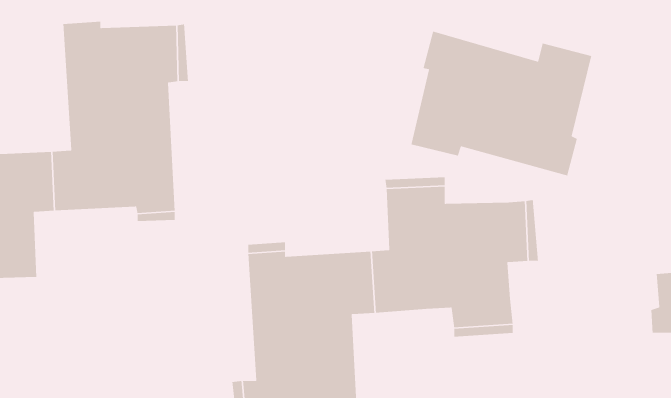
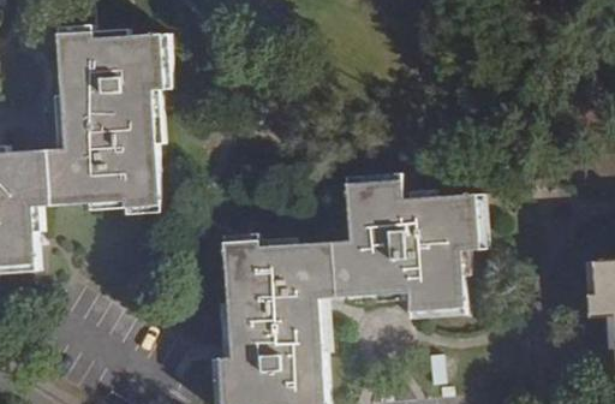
building: [411,31,592,176] -> none

